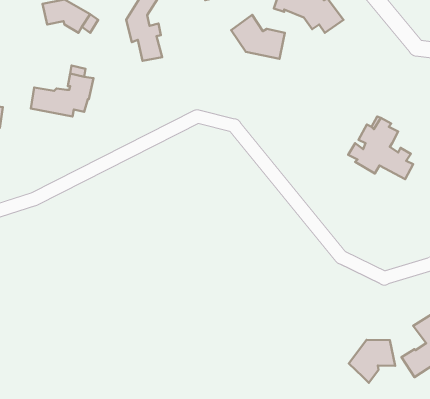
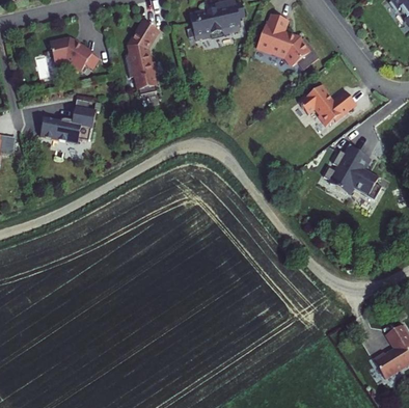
building: [231,15,285,59] -> none
building: none -> [299,85,356,127]
building: [349,340,395,383] -> none

